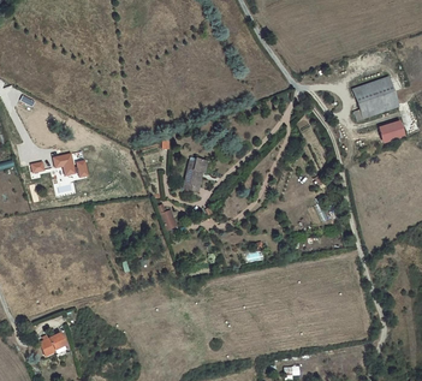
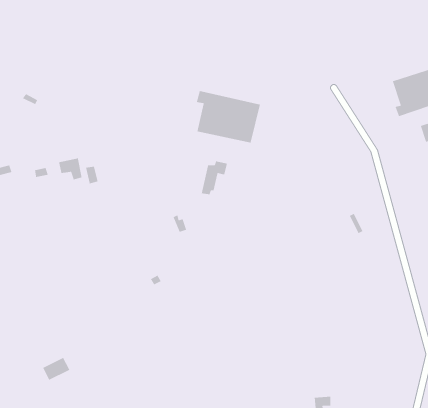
building: none -> [196,90,261,143]

